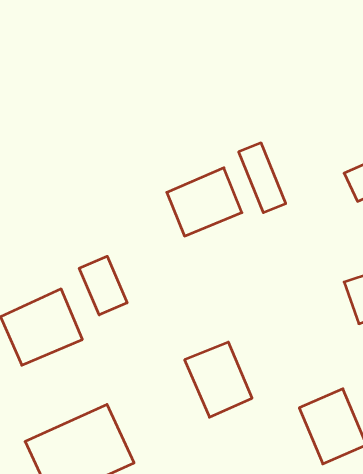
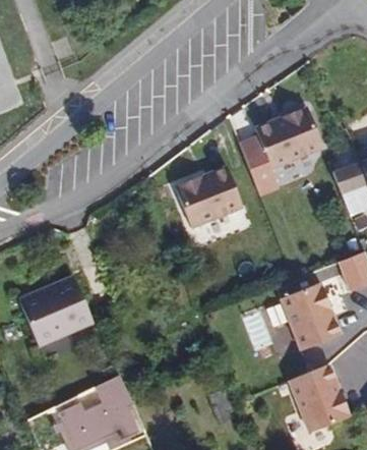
building: none -> [254,107,323,170]
building: [79,256,127,315] -> none
building: [185,342,252,417] -> [283,283,344,351]

